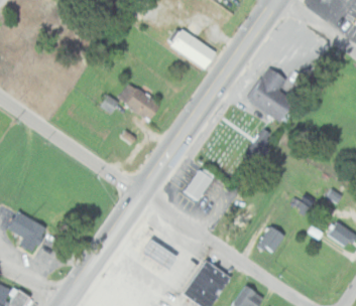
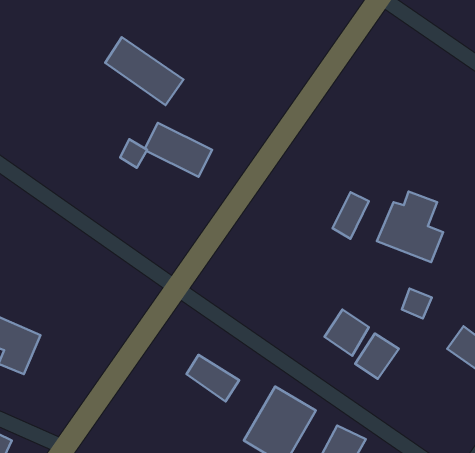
building: [161,28,214,73] -> [105,37,183,105]
building: [240,71,284,119] -> [377,191,443,262]
building: [186,169,214,200] -> none
building: none -> [325,310,369,356]

